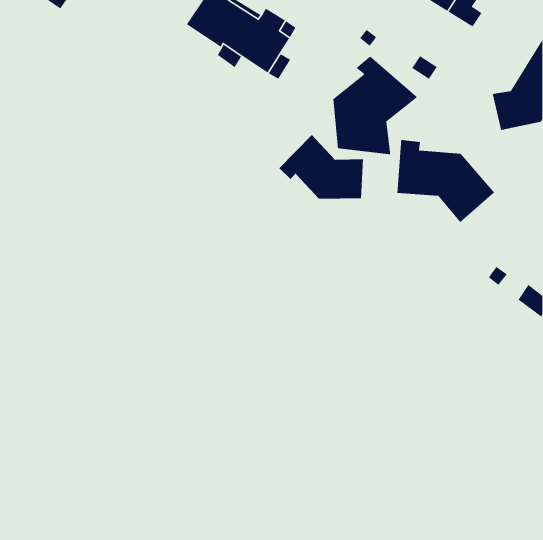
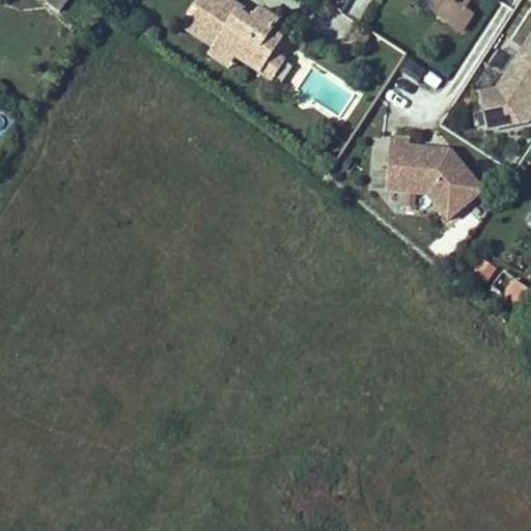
building: [332,55,418,155] -> none
building: [279,134,364,199] -> none

